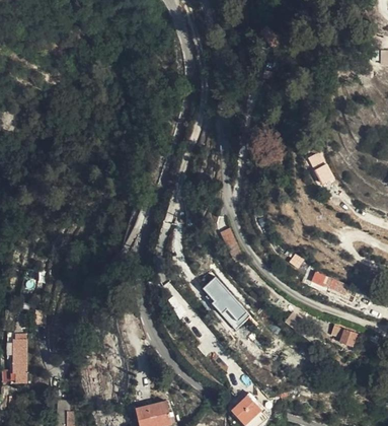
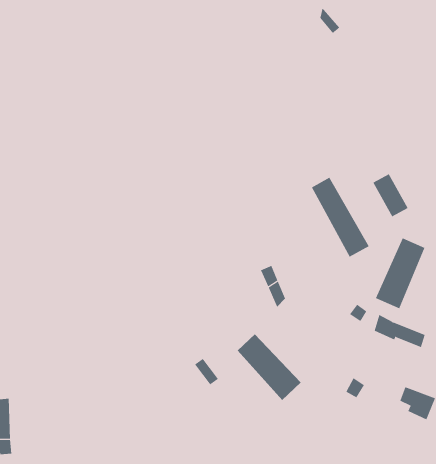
building: none -> [311,177,369,257]
building: none -> [375,238,425,309]

